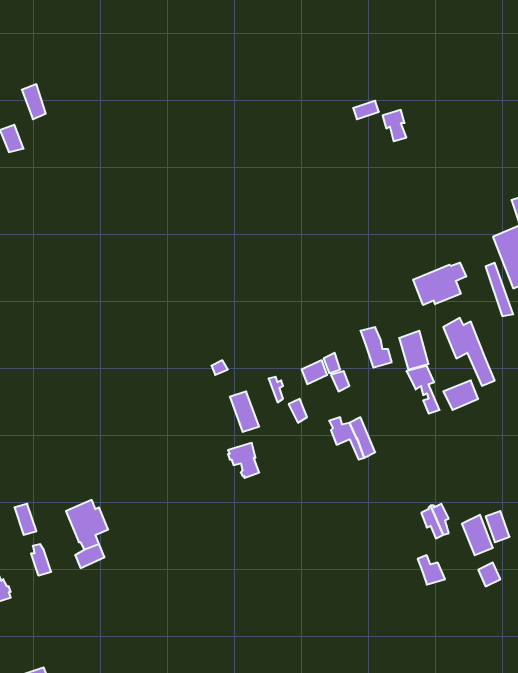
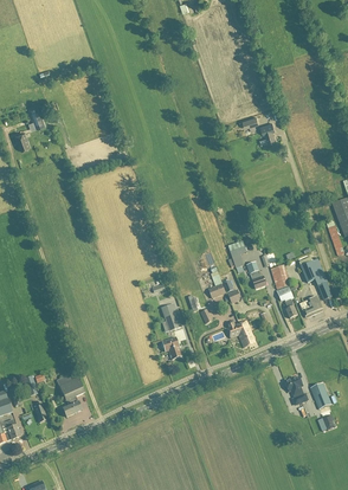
building: [413,263,466,305] -> none

